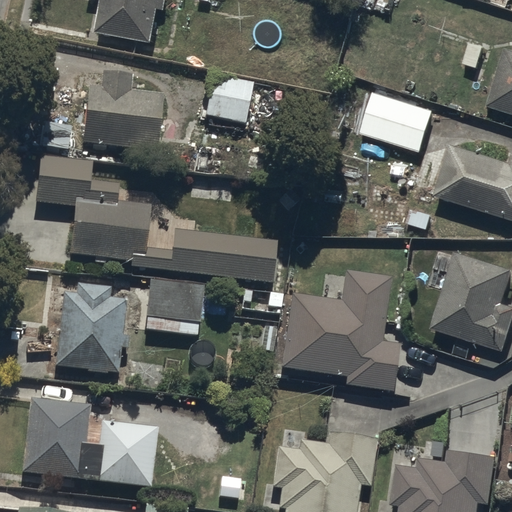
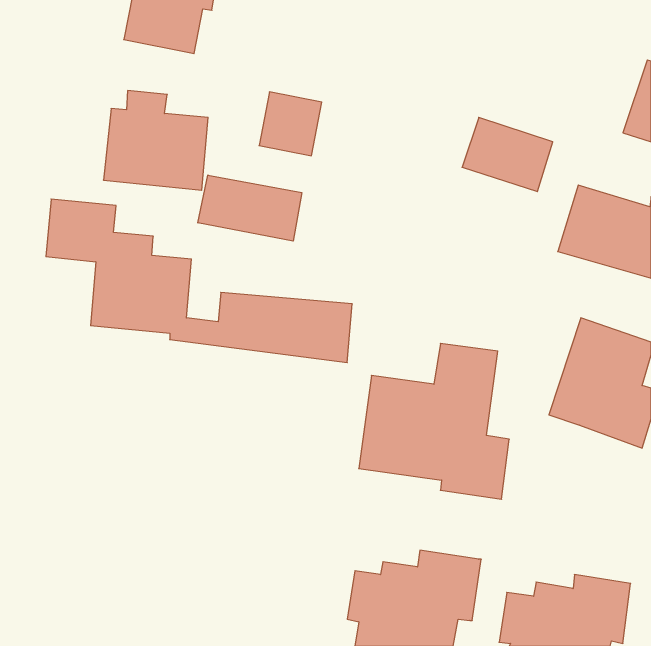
building: none -> [198,175,302,241]
building: [144,280,202,333] -> none
building: [56,284,128,373] -> none
building: [22,399,158,488] -> none

